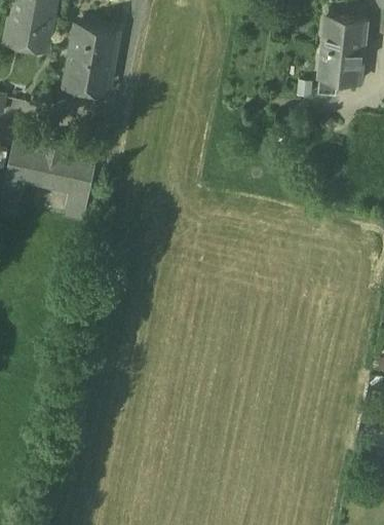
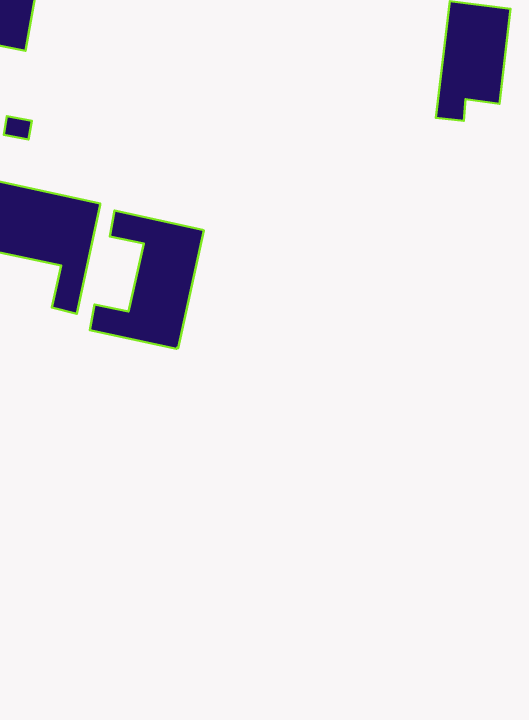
building: [66,26,118,91] -> none
building: none -> [90,211,204,349]

